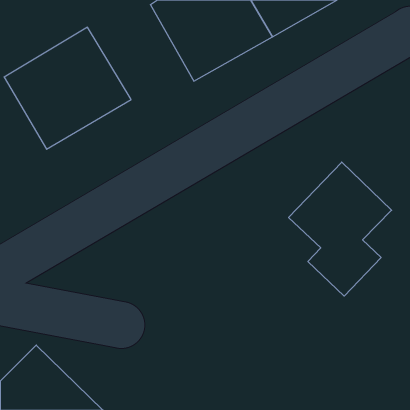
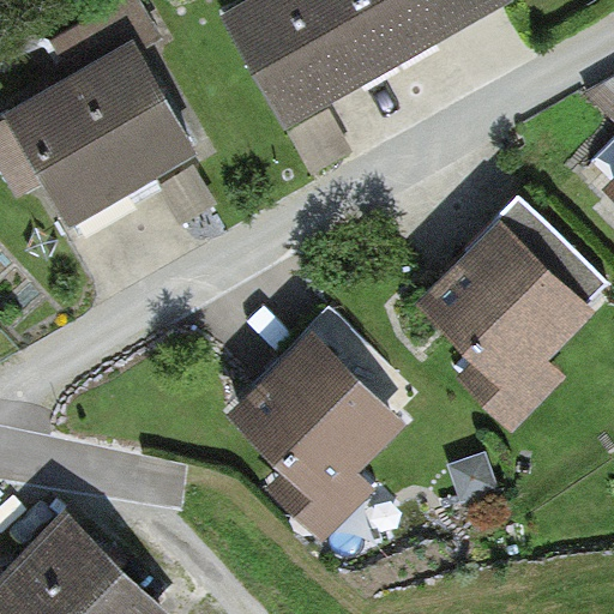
building: none -> [239,345,396,549]

